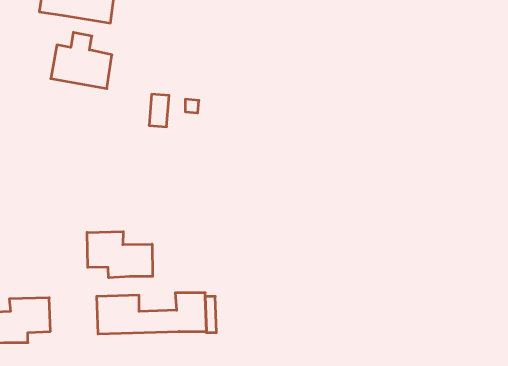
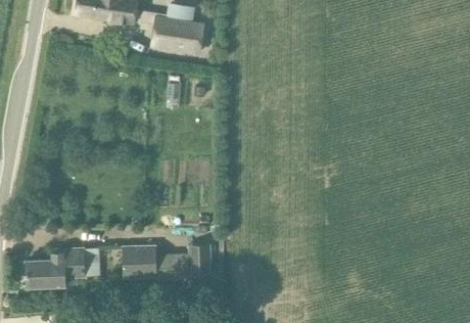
building: [51,32,112,89] -> [152,10,202,56]
building: [87,232,153,278] -> none

